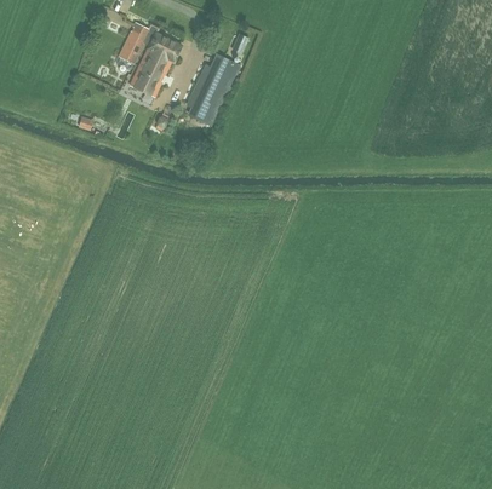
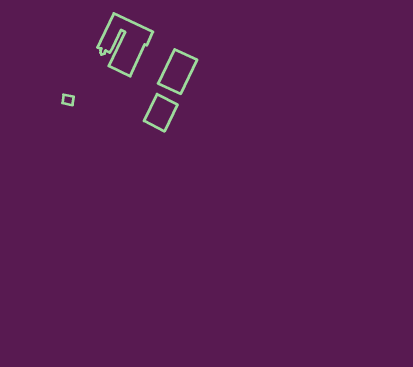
building: none -> [144,94,177,131]

